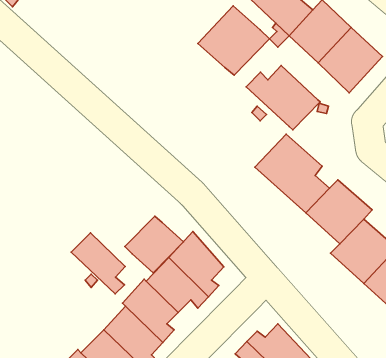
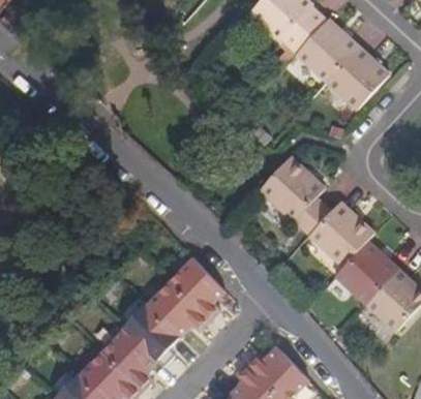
building: [198,6,269,75] -> none
building: [246,66,320,130] -> none
building: [125,216,183,273] -> none
building: [71,233,125,294] -> none

